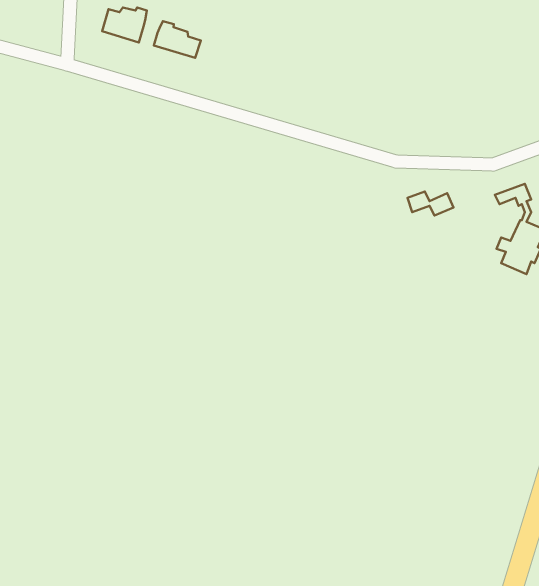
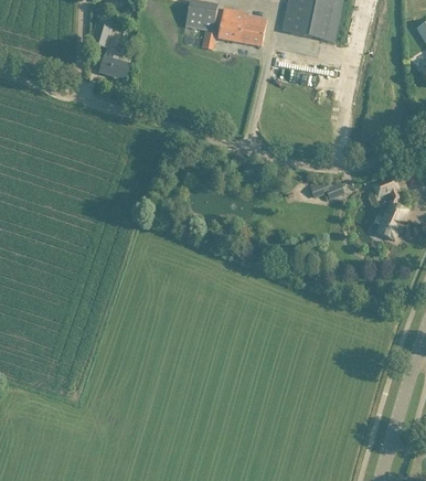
building: [154,21,201,58] -> none

